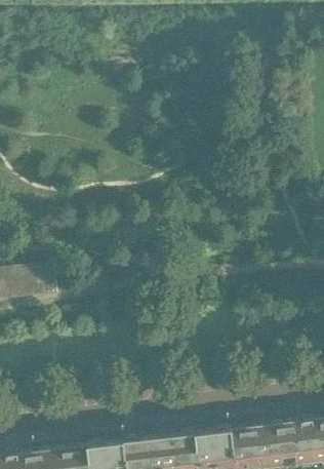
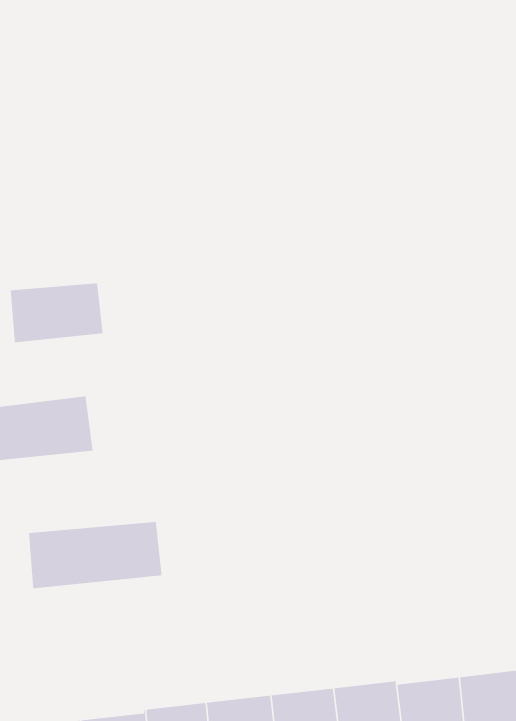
building: none -> [10,283,103,343]
building: none -> [28,521,162,589]

